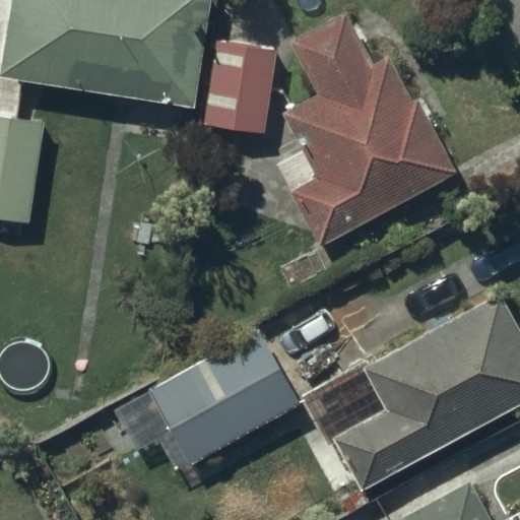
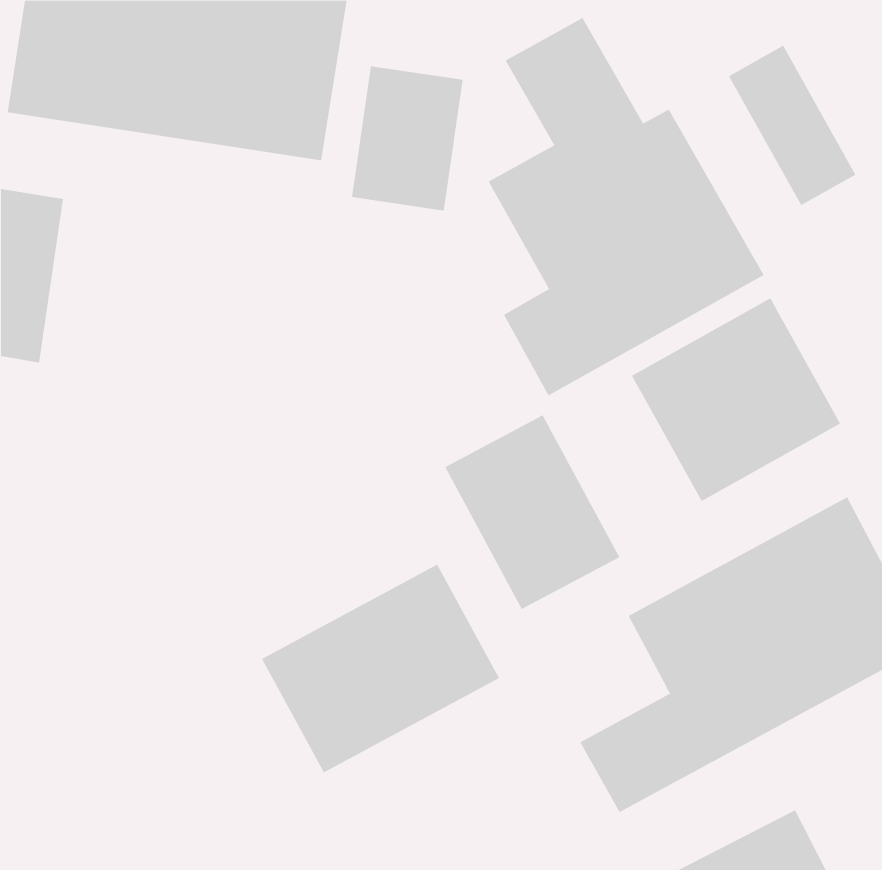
building: none -> [631,298,841,502]
building: none -> [444,414,620,610]

